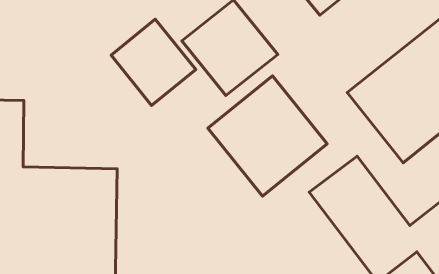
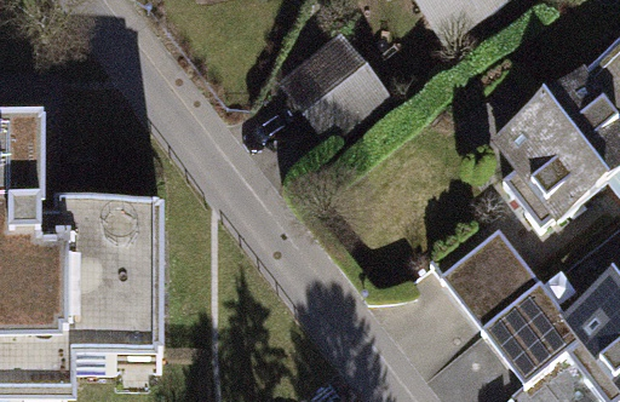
building: [111,19,196,105] -> none
building: [208,76,327,196] -> none

